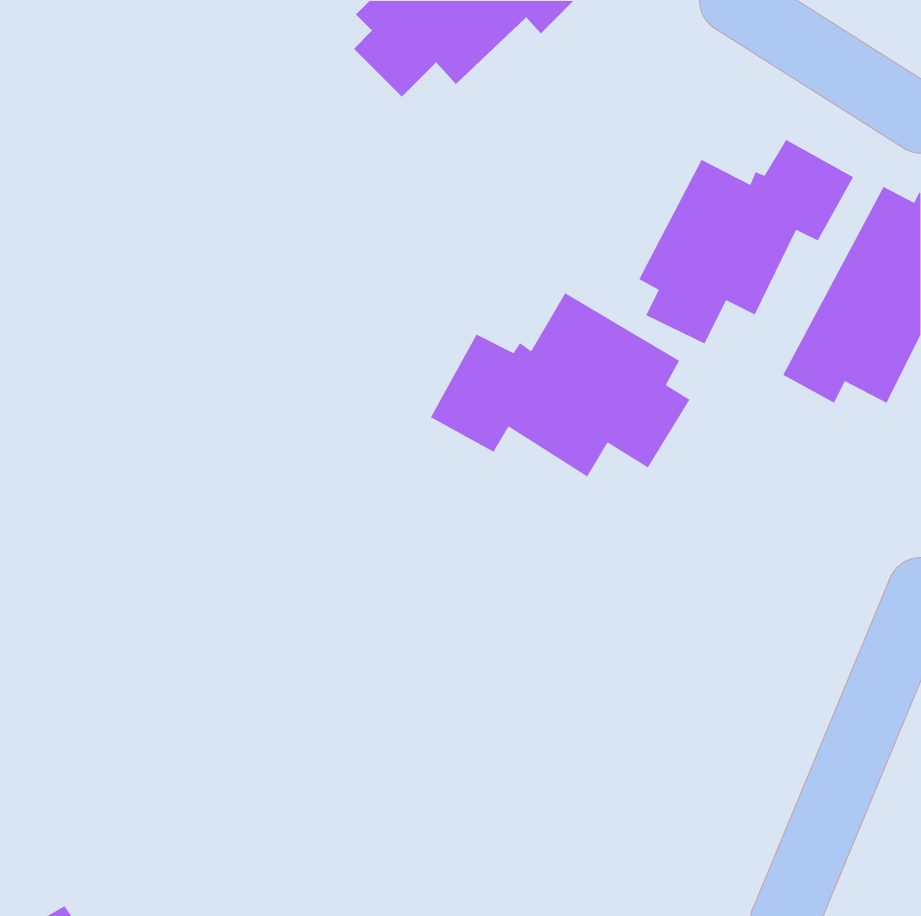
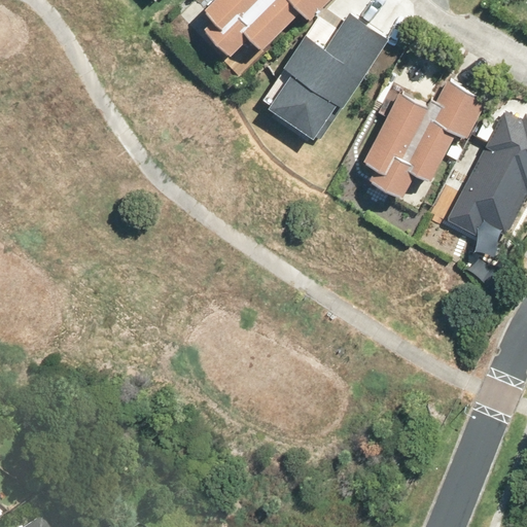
building: none -> [268,10,388,133]
building: [430,292,690,477] -> none

